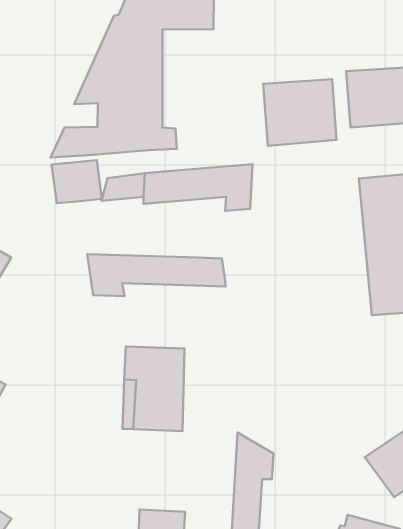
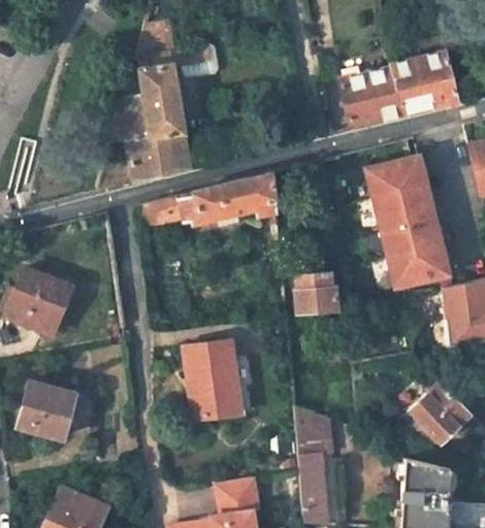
building: [263,79,336,146] -> none
building: [51,160,102,203] -> none
building: [87,254,225,296] -> none
building: none -> [294,276,338,316]

